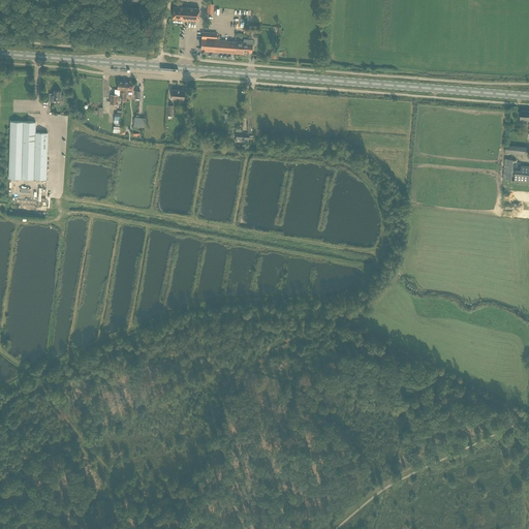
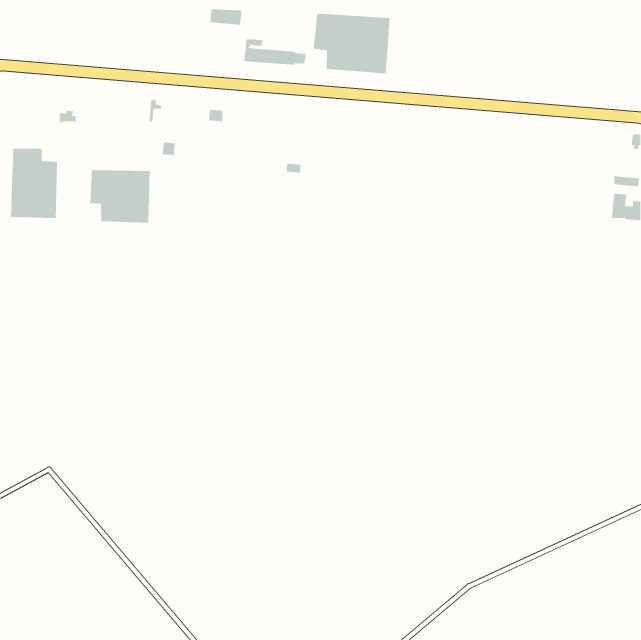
building: none -> [313,13,390,74]
building: none -> [90,170,150,223]

